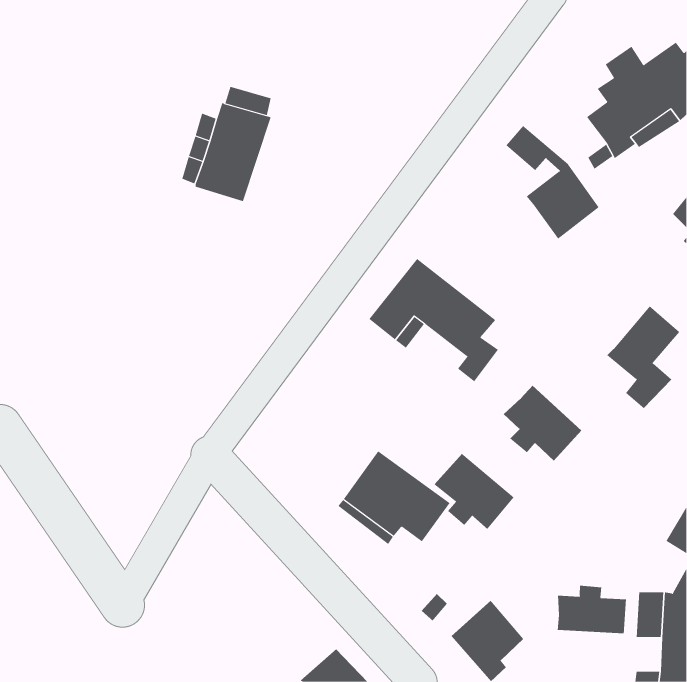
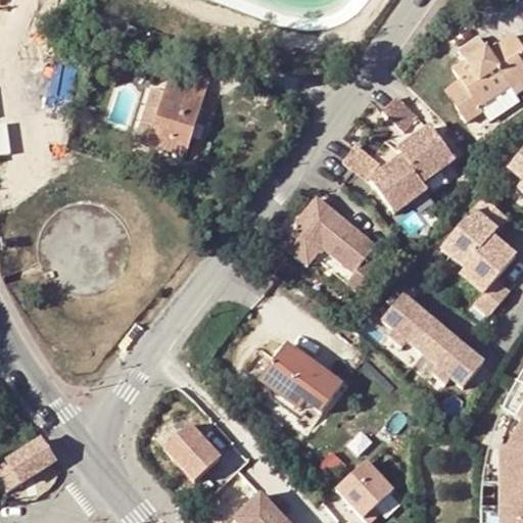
building: none -> [345,143,429,212]
building: none -> [442,206,498,265]
building: [434,453,514,530] -> [421,327,482,385]
building: none -> [164,424,221,481]
building: none -> [6,438,54,488]
building: [557,585,626,634] -> none

